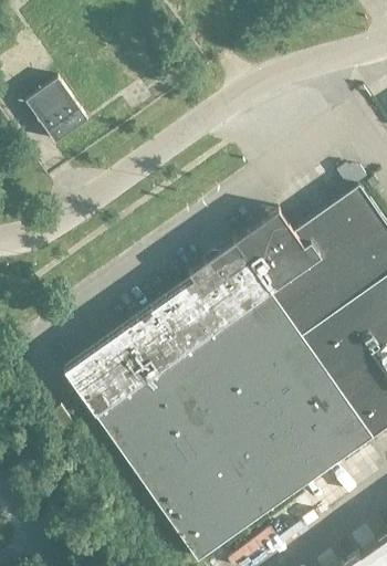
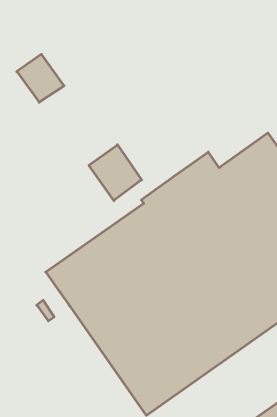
building: none -> [89,145,142,201]

